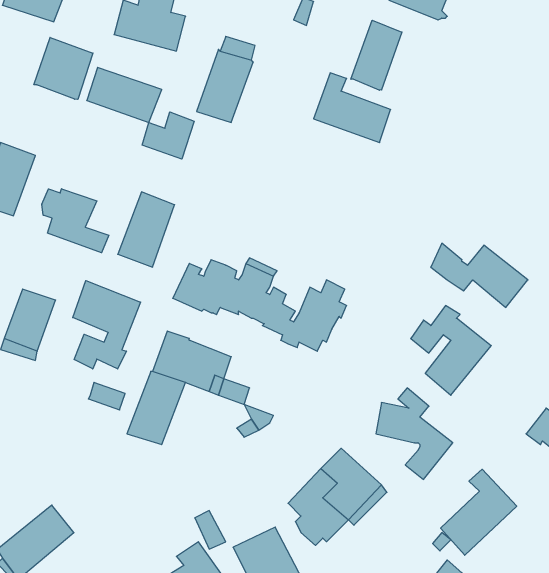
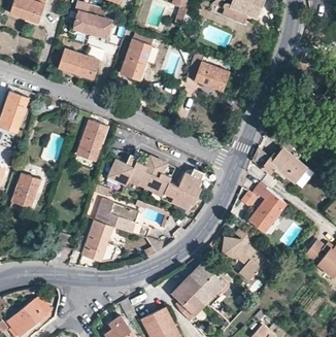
building: [351,20,402,90] -> none
building: [34,37,93,99] -> none
building: [142,112,194,159] -> none
building: [42,189,109,253] -> none
building: [73,281,141,369] -> none
building: [441,469,517,555] -> none

